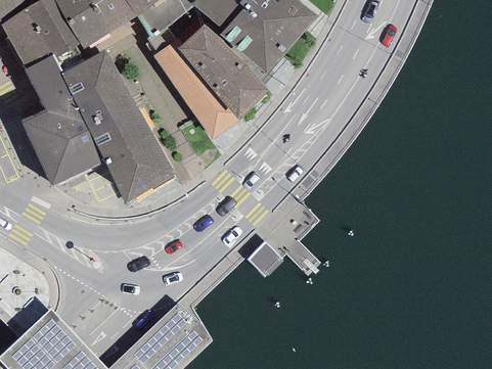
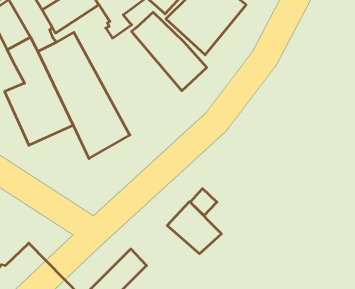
building: [152,39,237,140] -> none
building: none -> [167,202,221,254]

